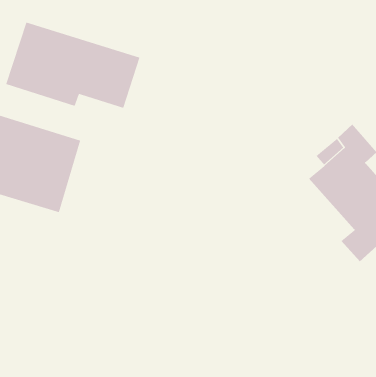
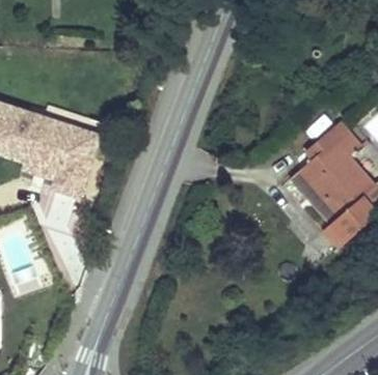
building: [5,22,140,109] -> none

